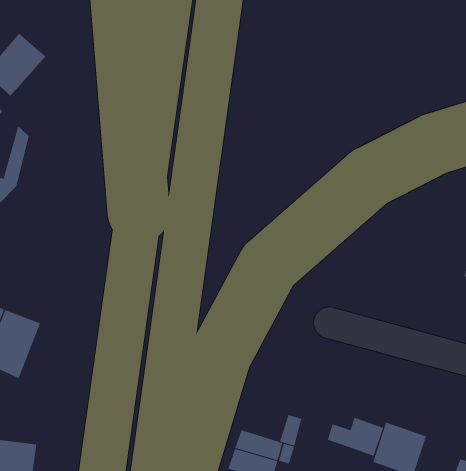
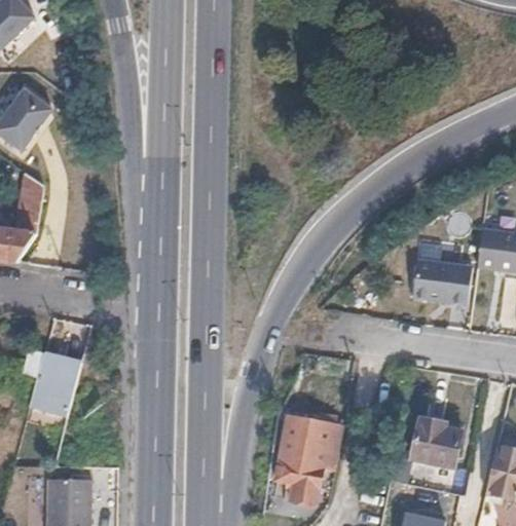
building: none -> [413,265,472,307]
building: none -> [282,416,325,449]
building: [327,417,384,457] -> none

